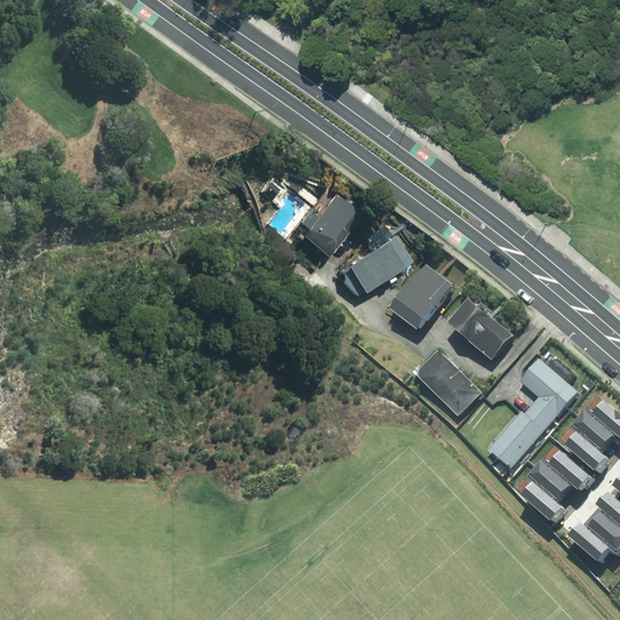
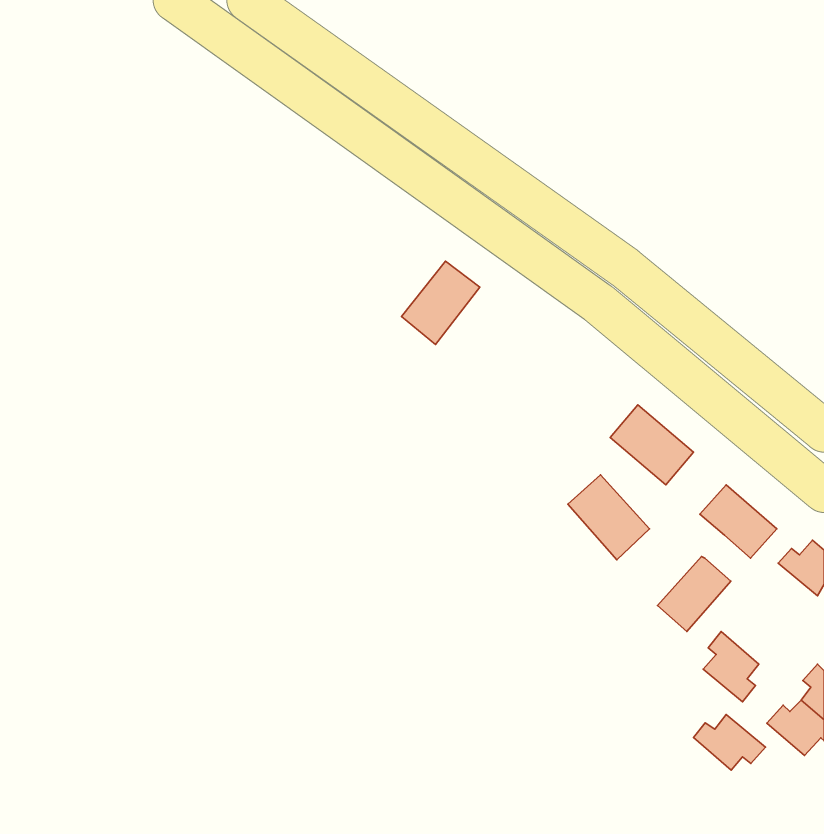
building: [343,234,404,289] -> none
building: [398,266,455,328] -> none
building: [523,397,557,431] -> none
building: [566,418,607,470] -> none
building: [535,452,589,493] -> [694,715,765,770]

